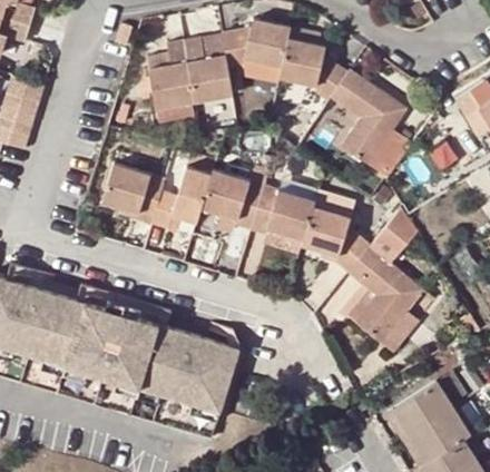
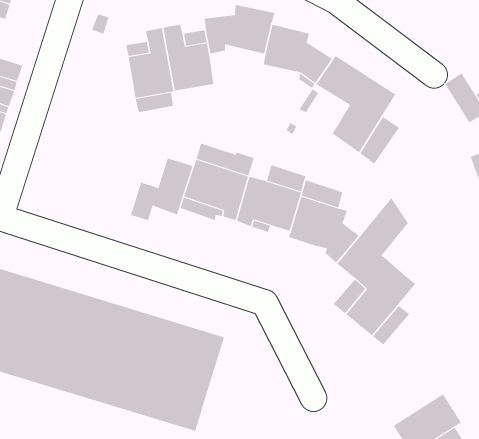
building: [100,166,161,225] -> none
building: [386,373,451,429] -> none

